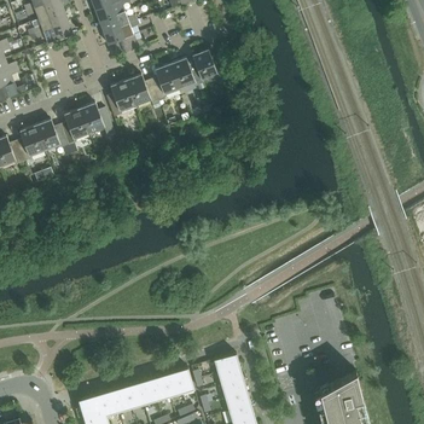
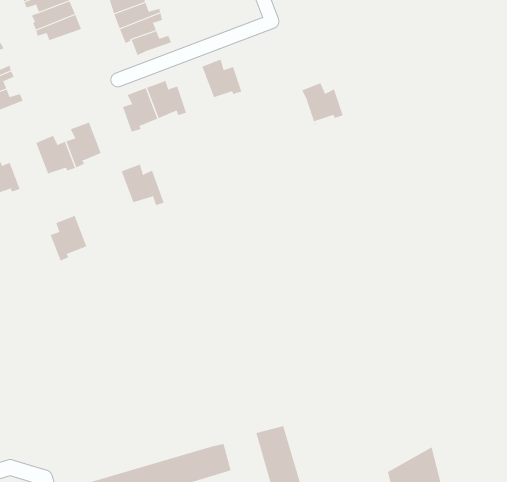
building: [191,50,225,85] -> [301,83,343,126]
building: [150,64,179,101] -> none
building: [79,103,114,137] -> [121,164,164,206]
building: [14,126,45,163] -> [50,215,87,262]

